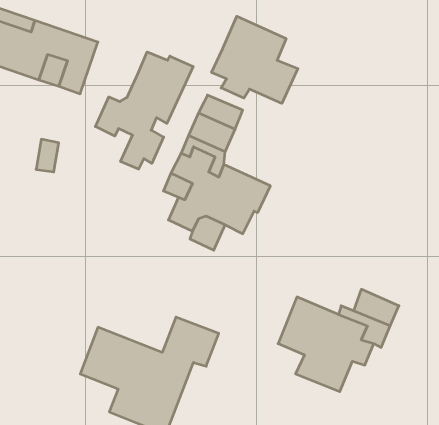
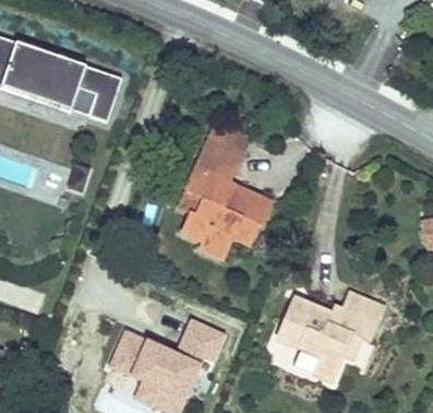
building: [212,16,298,103] -> none
building: [95,52,193,169] -> none

